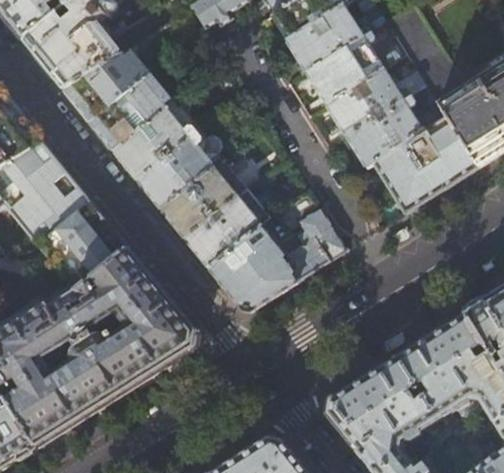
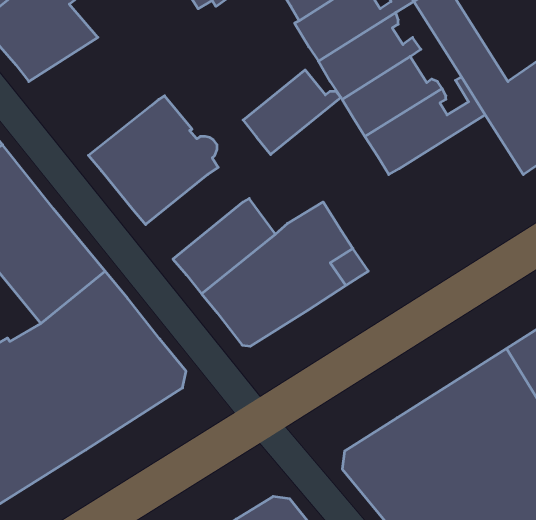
building: [64,50,173,153] -> none
building: [375,119,479,215] -> none
building: [162,169,244,240] -> [243,70,341,155]

